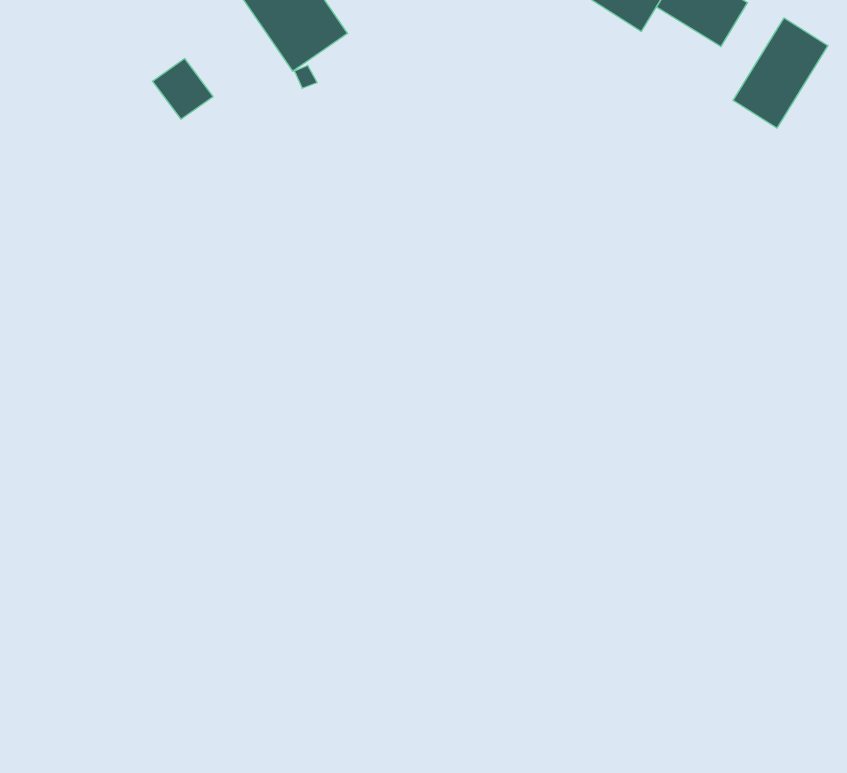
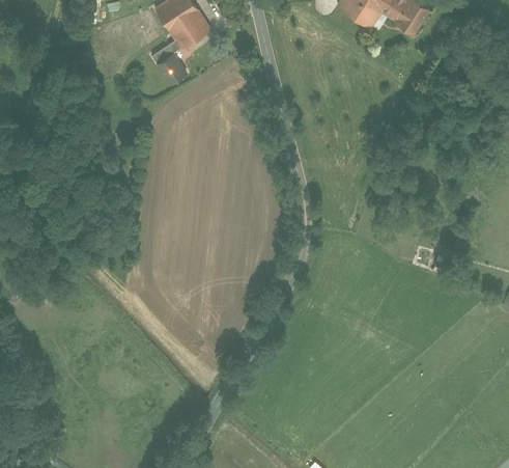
building: [733,18,828,128] -> none
building: [152,59,213,119] -> [154,52,188,85]

